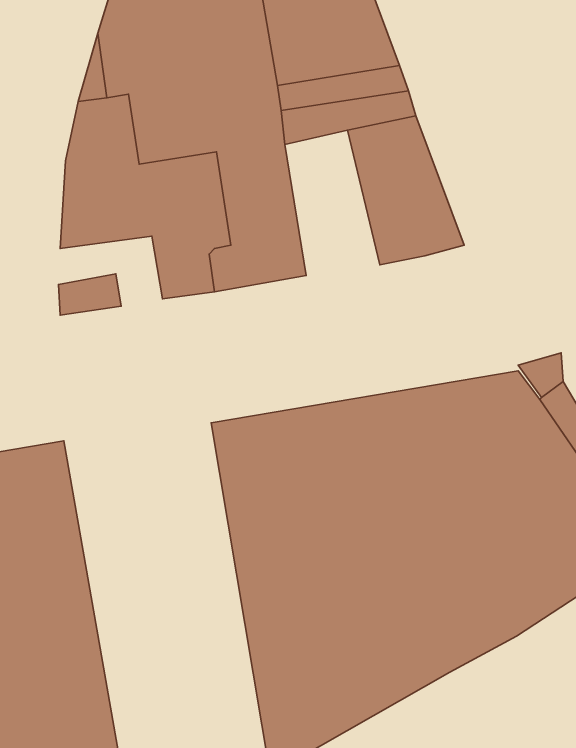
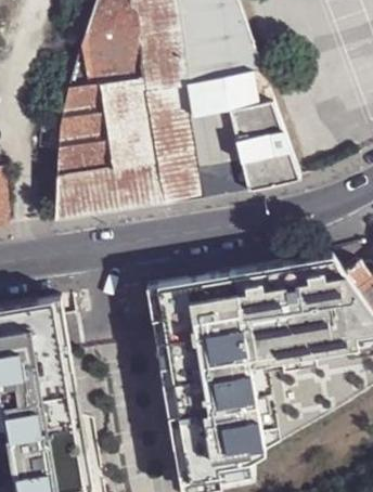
building: none -> [191,107,248,195]
building: none -> [54,171,117,213]

